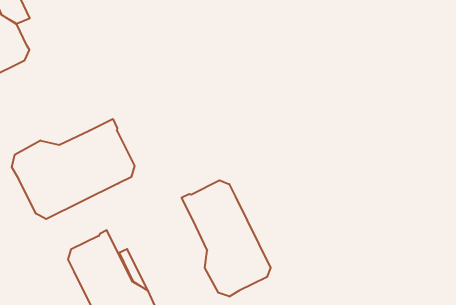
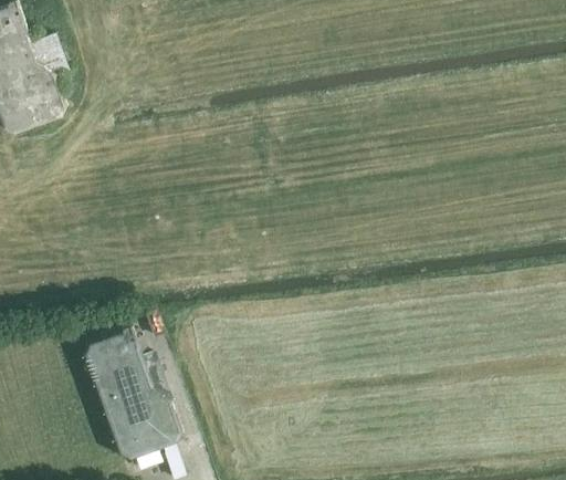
building: [12,119,134,219] -> none
building: [182,180,271,297] -> none

